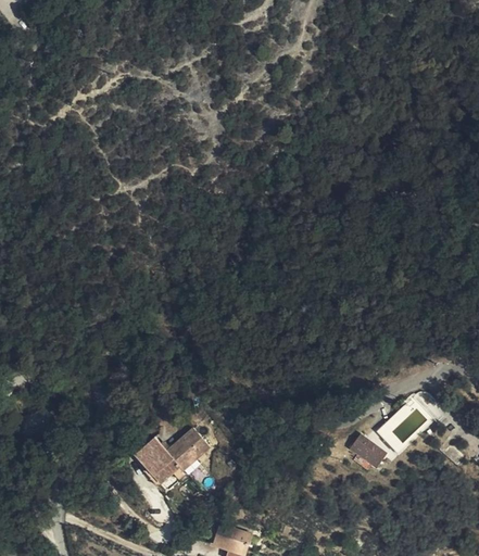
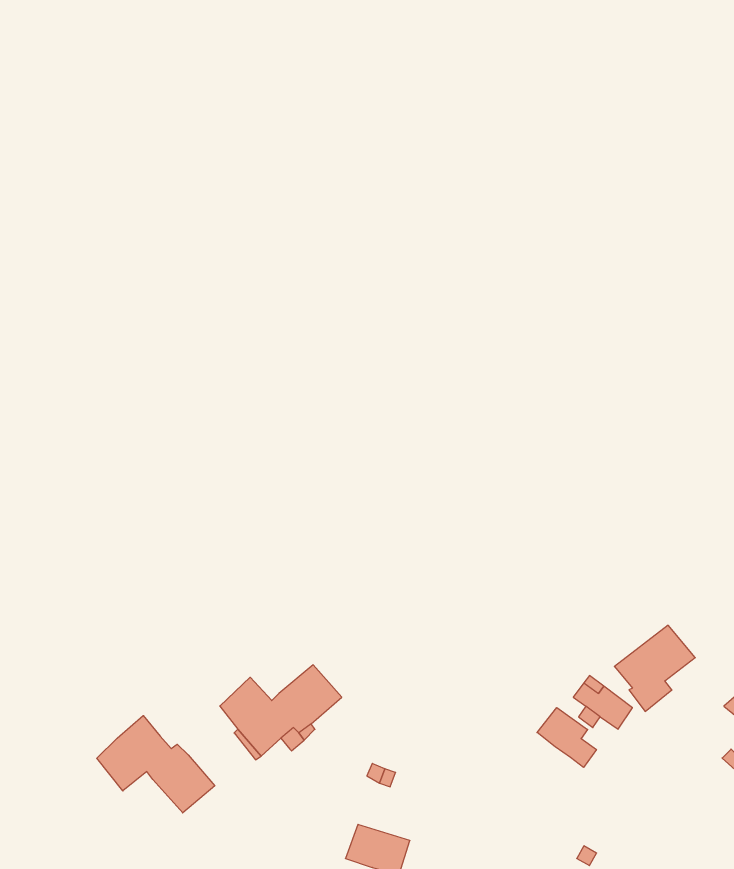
building: none -> [537,708,596,767]
building: none -> [97,716,215,813]

